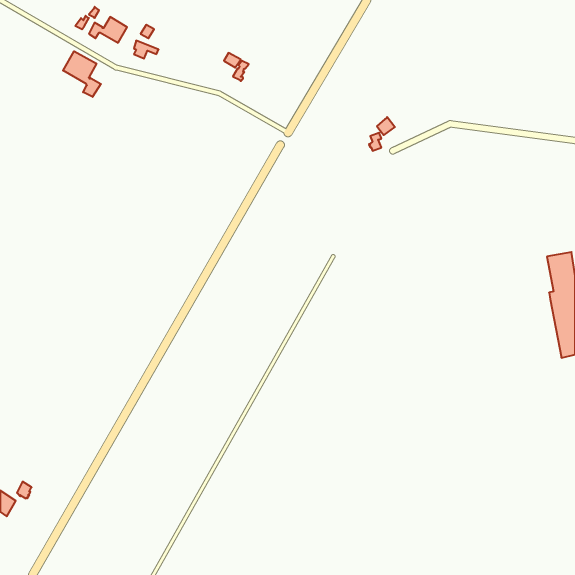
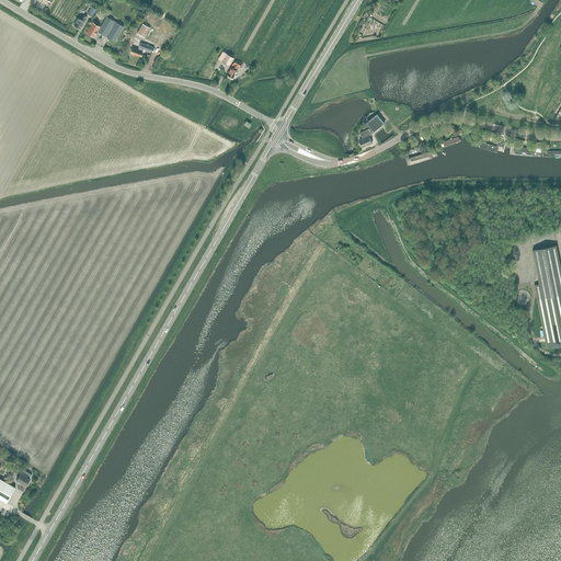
building: [63,51,101,97] -> none

